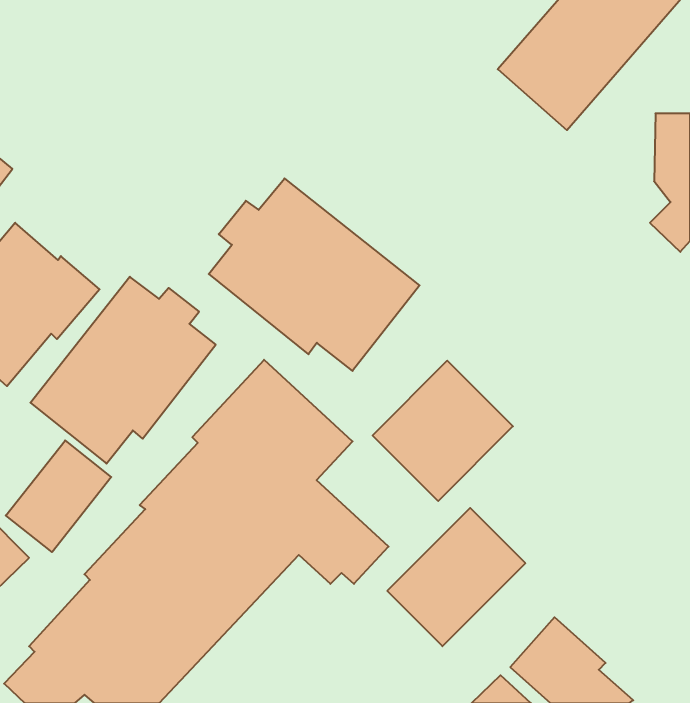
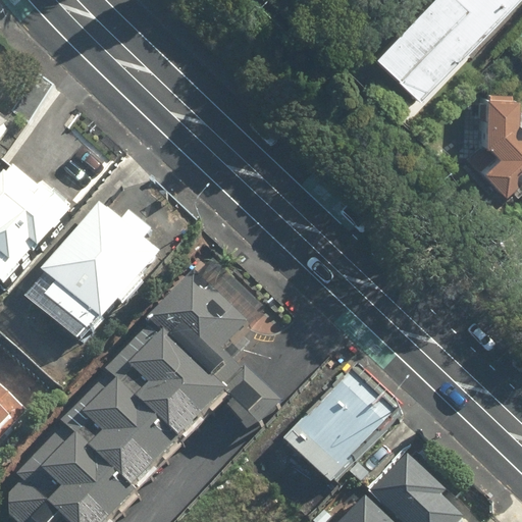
building: [209,178,420,371] -> none
building: [373,361,513,501] -> none
building: [6,440,111,552] -> none

